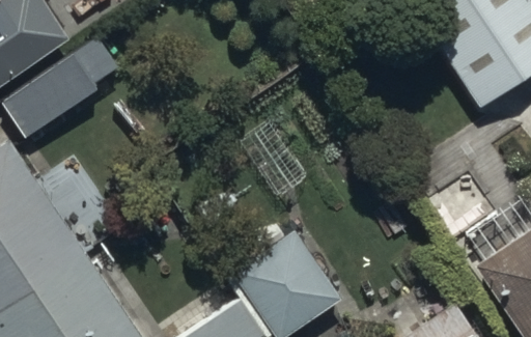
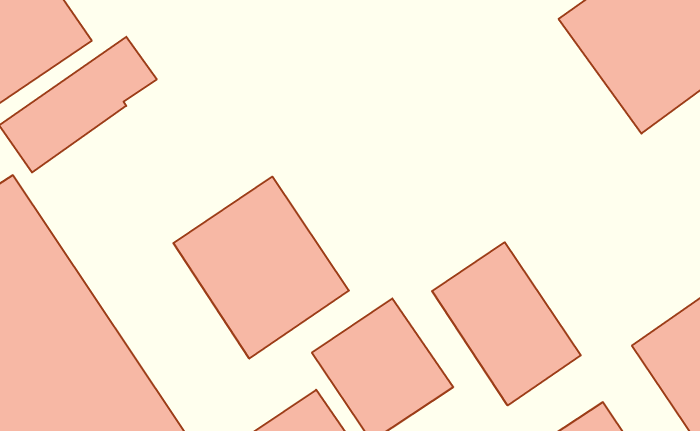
building: none -> [173,177,349,359]
building: none -> [432,242,581,405]

